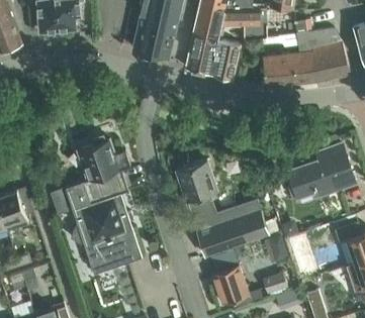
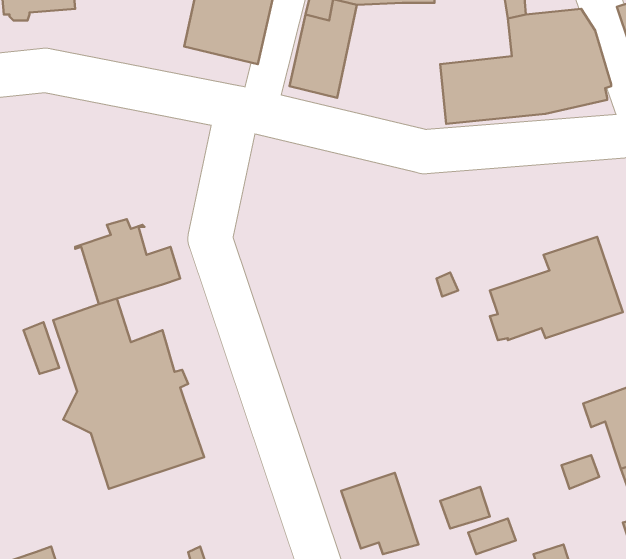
building: [210,40,240,80] -> none
building: [176,161,268,256] -> none
building: [97,170,127,199] -> none

